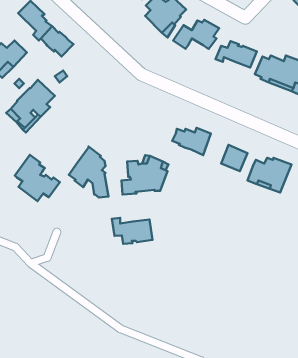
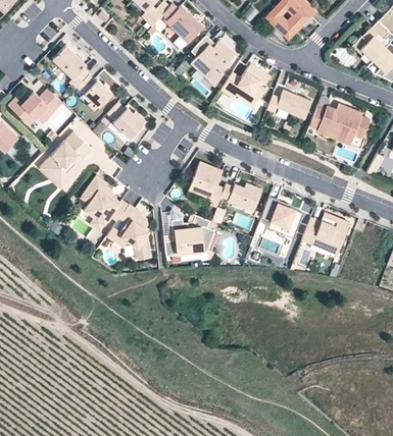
building: none -> [108,102,147,138]
building: none -> [189,163,225,207]
building: [15,155,60,201] -> [81,175,130,225]
building: [112,218,153,244] -> none

